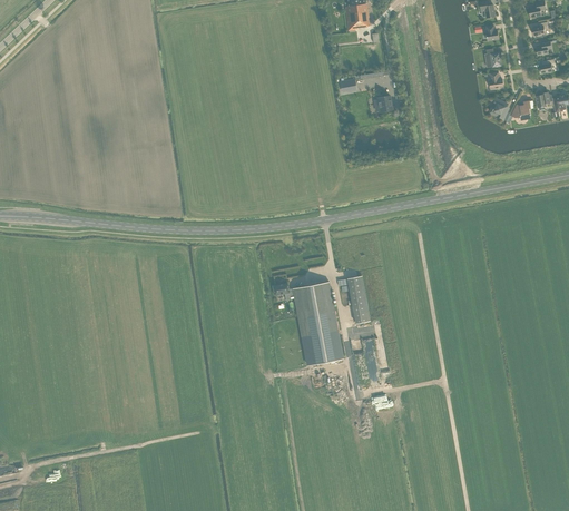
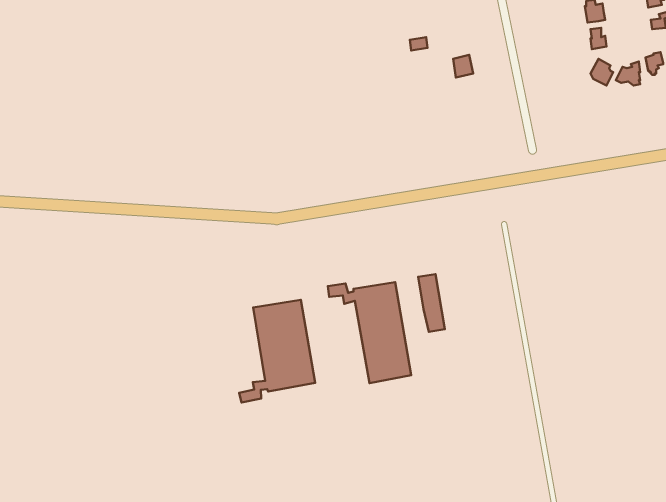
building: none -> [239,300,315,402]

